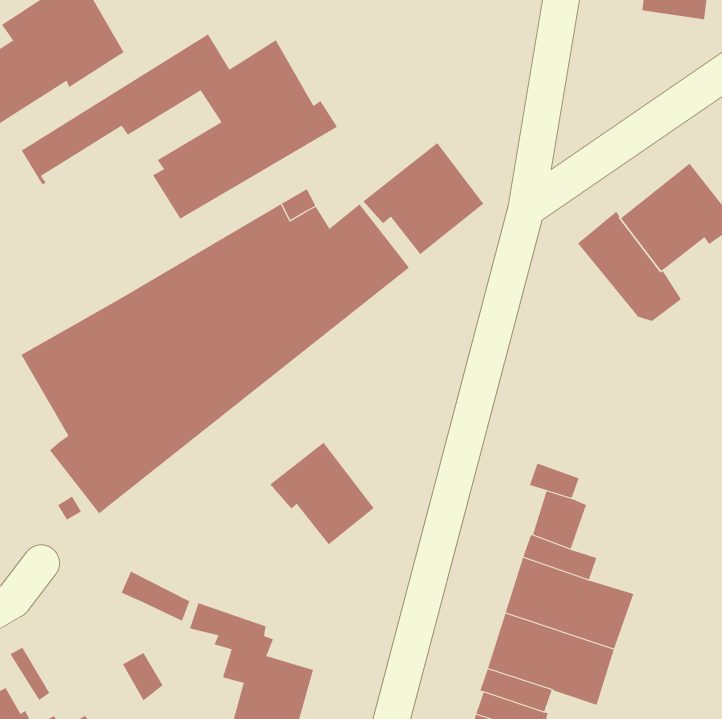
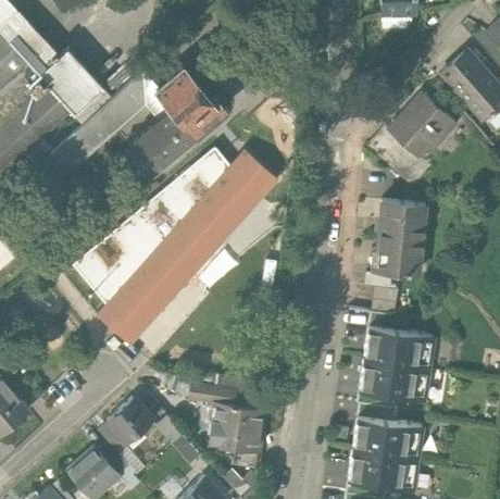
building: [362,142,485,255] -> none
building: none -> [378,202,426,276]
building: [270,442,376,545] -> none
building: none -> [108,399,154,445]

